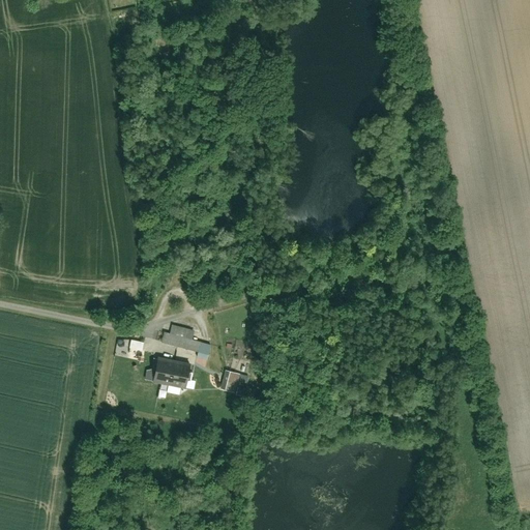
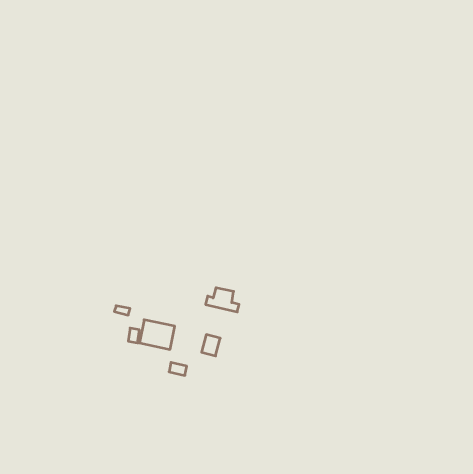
building: [160,324,198,351] -> [206,288,239,312]

